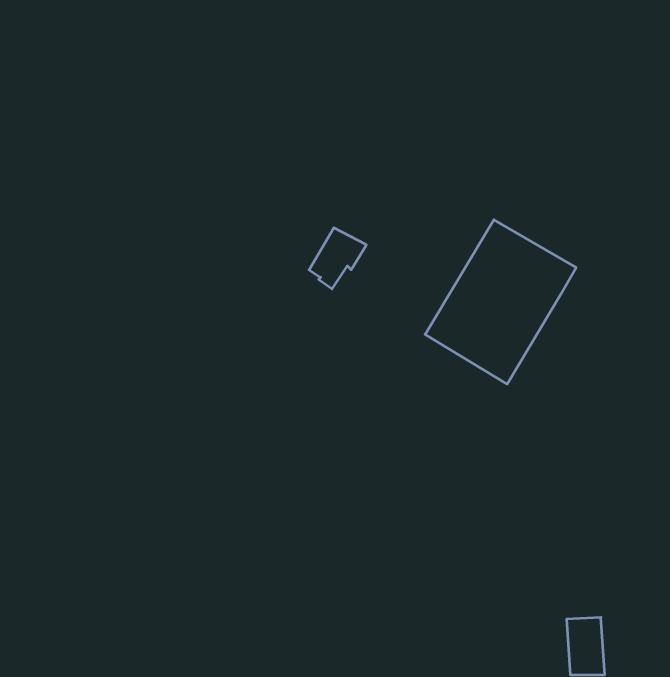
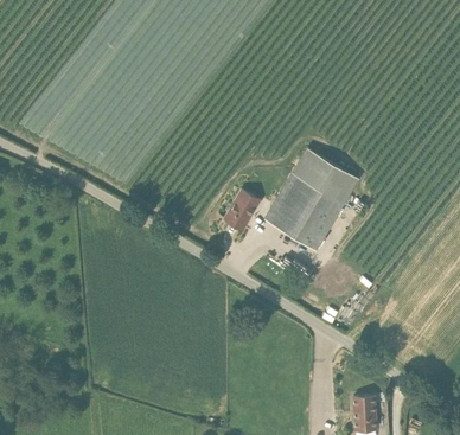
building: [309,228,366,289] -> [226,190,262,228]

